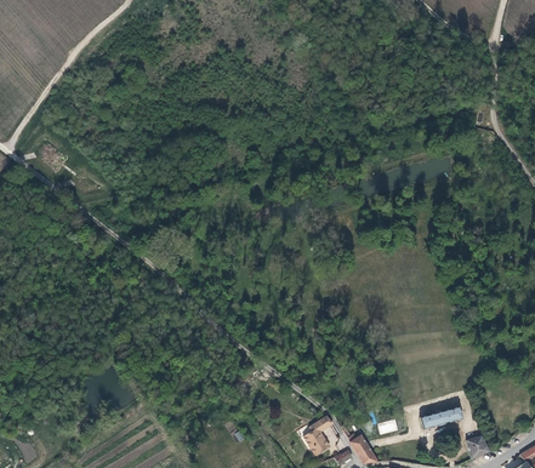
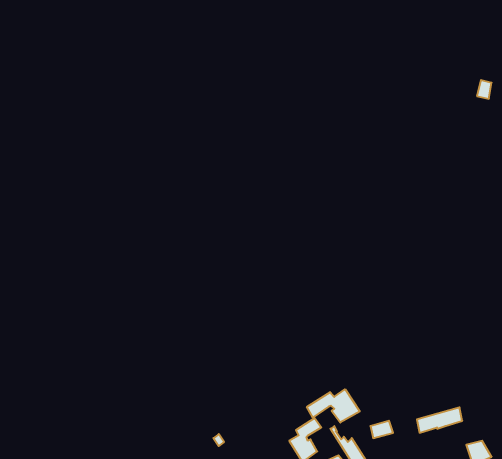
building: none -> [307,389,360,423]

